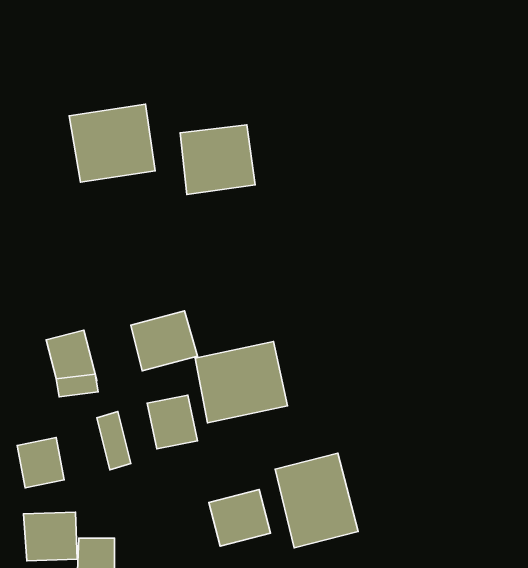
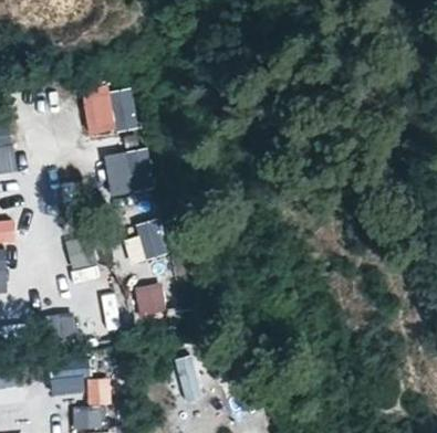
building: [180,125,255,195] -> [104,149,155,197]
building: [195,341,287,423] -> none
building: [275,453,358,548] -> none

